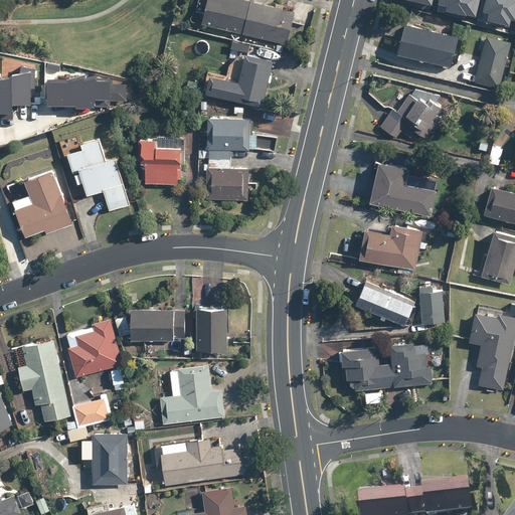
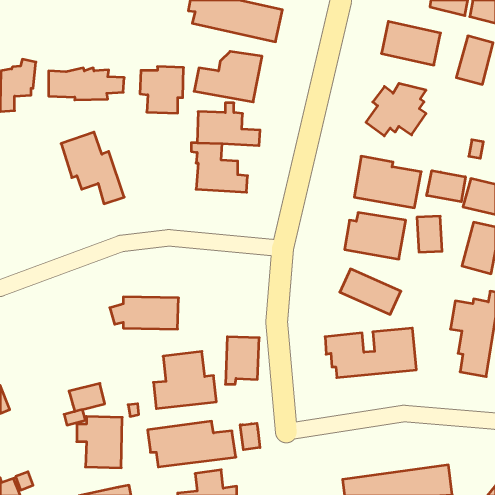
building: [136,136,181,184] -> [140,67,184,113]
building: [10,170,72,238] -> none
building: none -> [427,171,465,202]
building: [419,287,446,324] -> [417,216,442,252]
building: [193,308,228,357] -> [225,337,259,384]
building: [64,319,123,378] -> none
building: [16,340,71,422] -> none
building: none -> [240,423,260,450]

